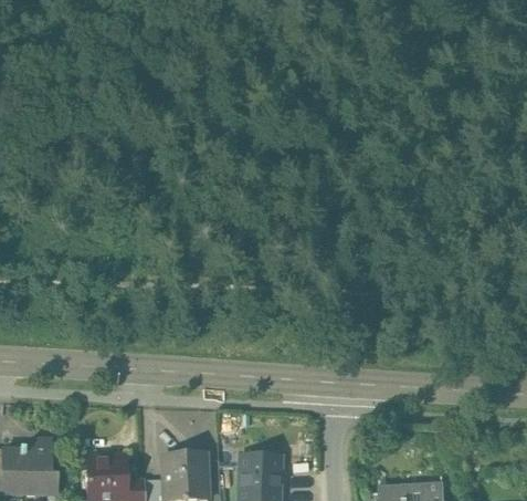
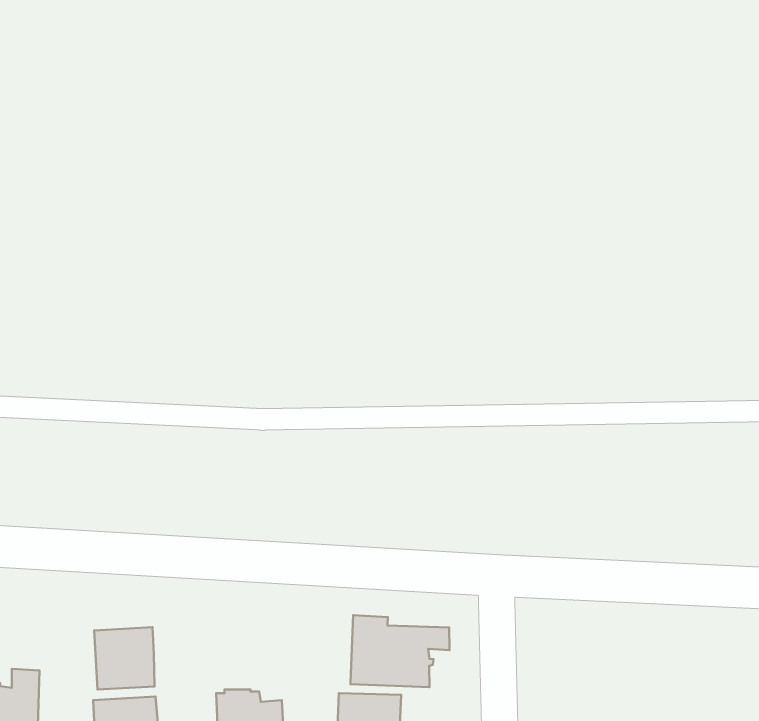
building: none -> [350,615,449,687]
building: none -> [94,627,154,689]

